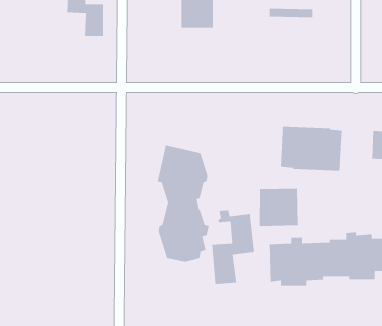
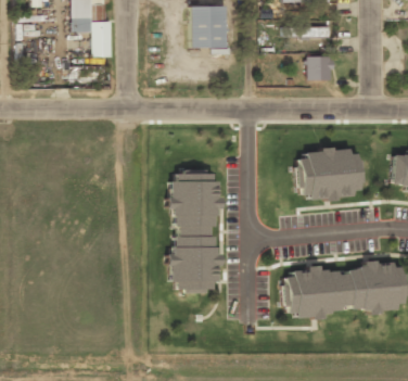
building: none -> [308,56,332,80]
building: [259,188,299,227] -> none
building: [212,210,255,285] -> none

